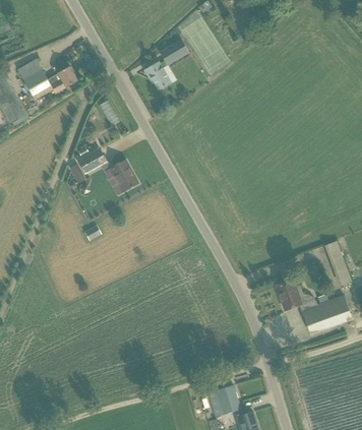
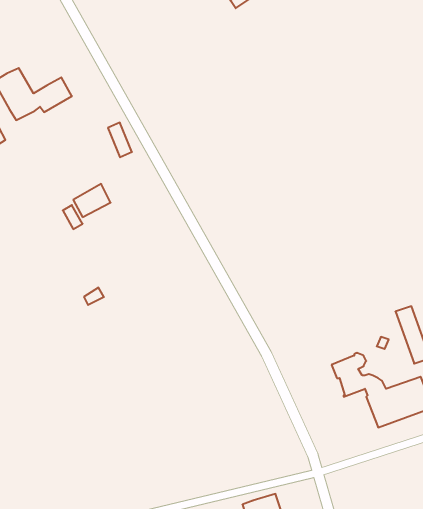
building: [159,39,188,65] -> none
building: [143,61,170,89] -> none
building: [109,160,137,191] -> none

